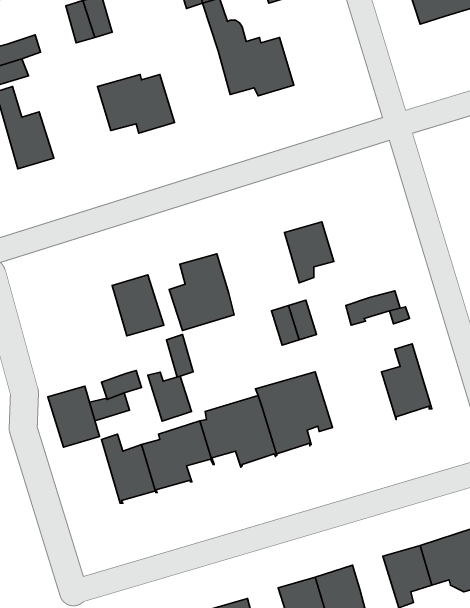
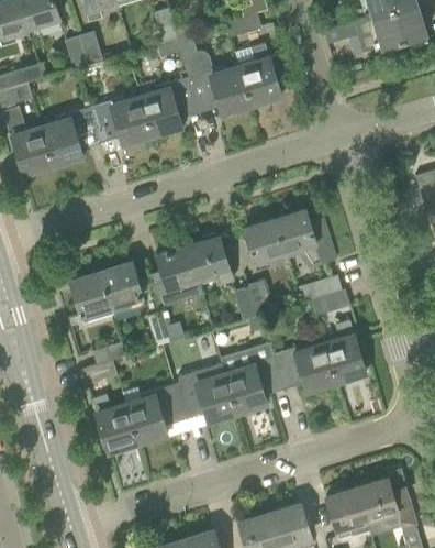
building: none -> [241,44,281,106]
building: none -> [142,77,200,136]
building: none -> [42,107,101,166]
building: none -> [276,209,335,265]
building: none -> [189,235,232,282]
building: none -> [274,343,337,392]
building: [148,372,191,421] -> none
building: [48,386,99,447] -> [71,272,114,322]

